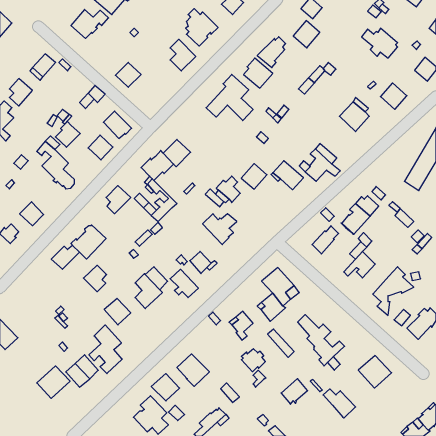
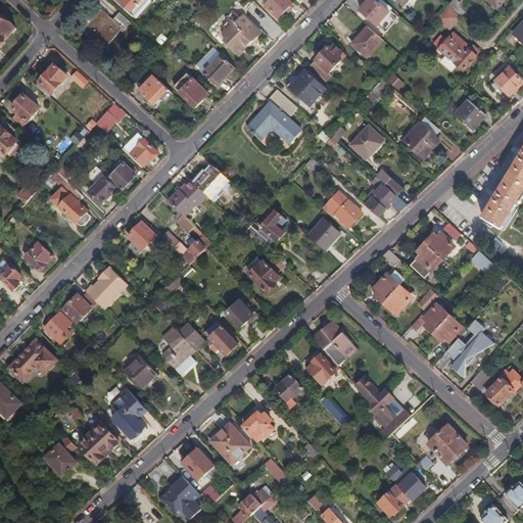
building: none -> [173,74,207,107]
building: none -> [351,127,388,162]
building: [55,122,80,147] -> [87,173,116,203]
building: [241,164,267,189] -> [308,219,339,249]
building: none -> [384,286,412,315]
building: none -> [433,316,465,341]
building: [83,265,107,292] -> [43,313,70,344]
building: none -> [7,341,54,382]
building: [241,349,265,372] -> [244,412,273,439]
building: [281,379,308,404] -> [378,484,410,515]

